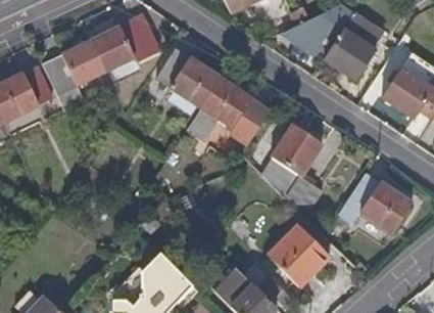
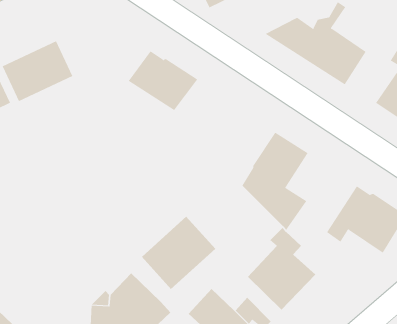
building: [92,14,162,74] -> none
building: [184,77,263,140] -> none
building: none -> [141,216,216,290]

